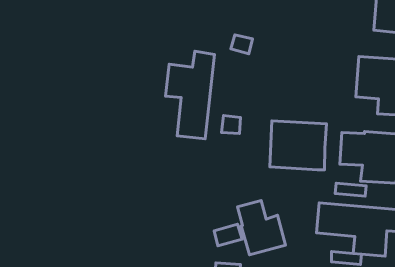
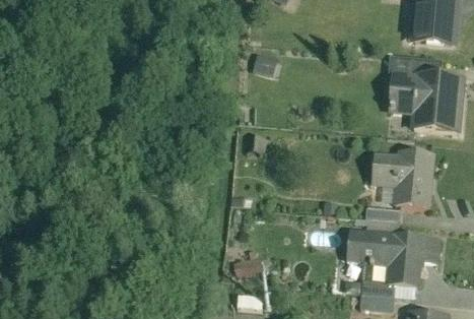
building: [166,51,215,139] -> none
building: [270,121,326,170] -> none
building: [238,200,286,255] -> none

